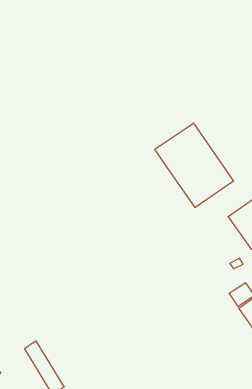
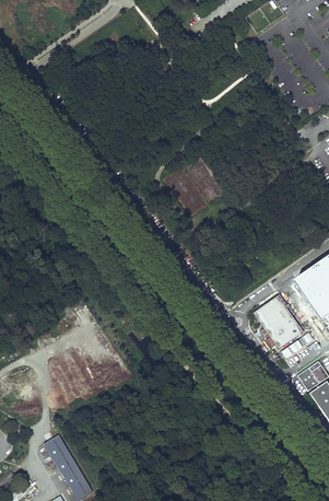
building: [155,123,234,207] -> none
building: none -> [251,294,302,348]

